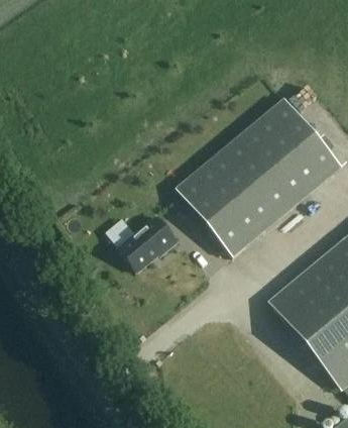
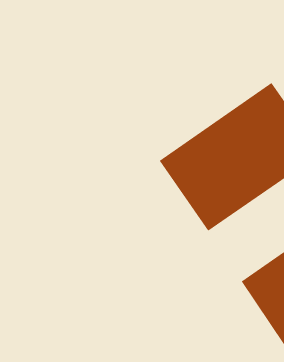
building: [117,214,177,270] -> none

